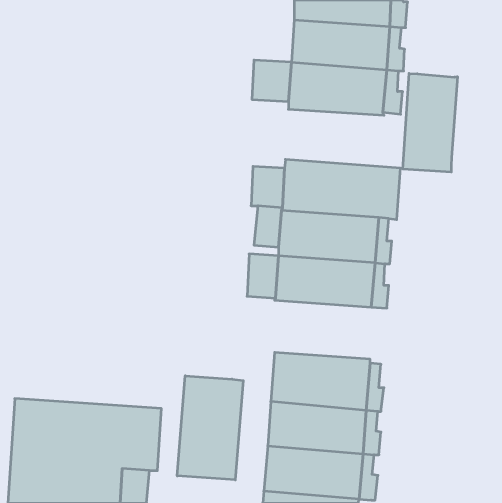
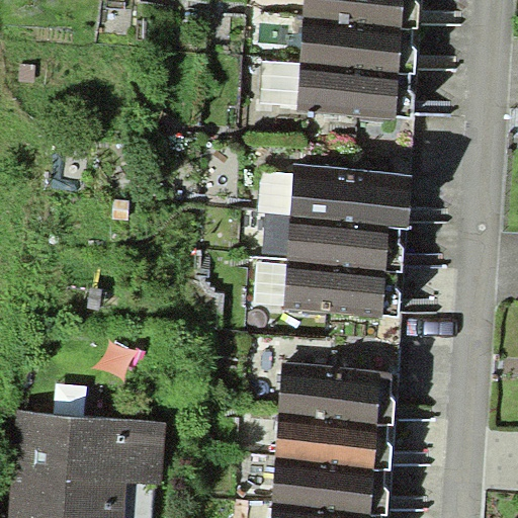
building: [403,73,457,172] -> none
building: [177,376,243,480] -> none

